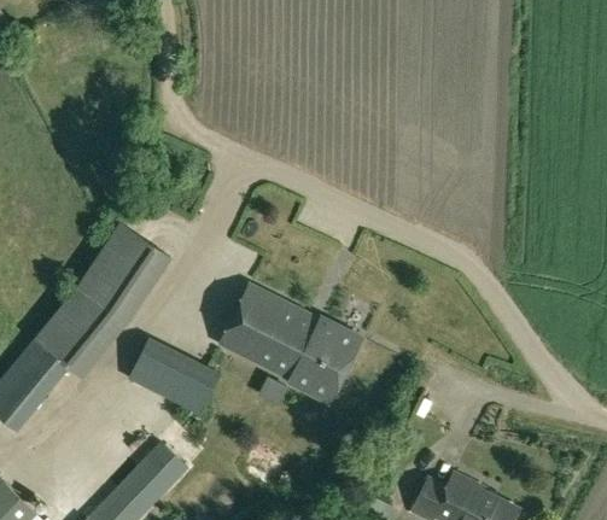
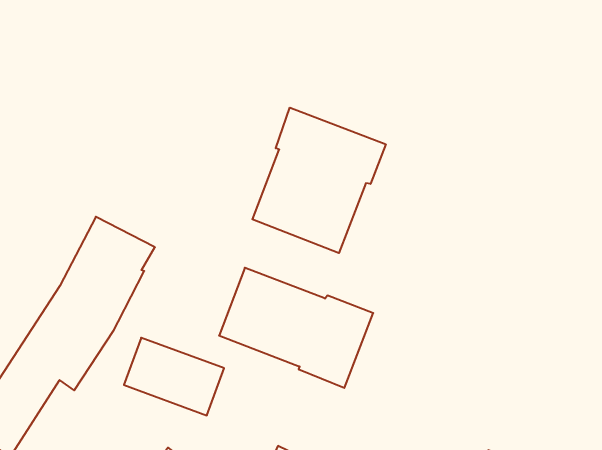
building: none -> [252,108,386,253]

